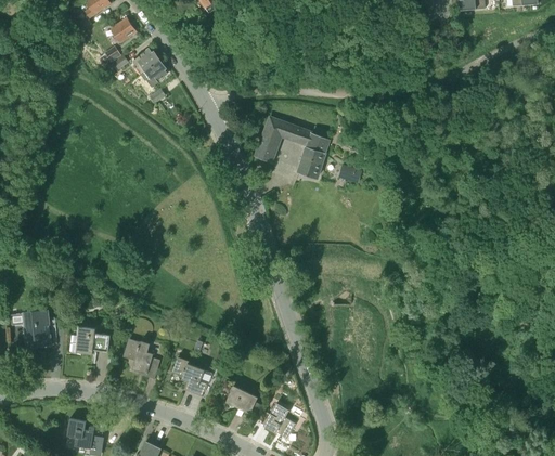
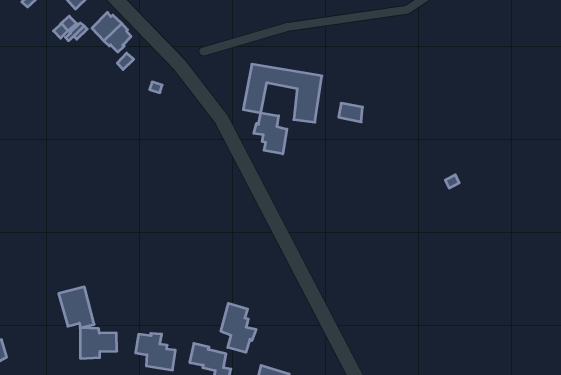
building: none -> [254,113,287,154]
building: [23,311,50,347] -> [59,287,94,328]
building: none -> [221,303,256,352]

